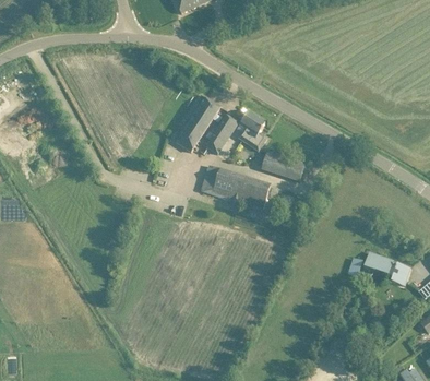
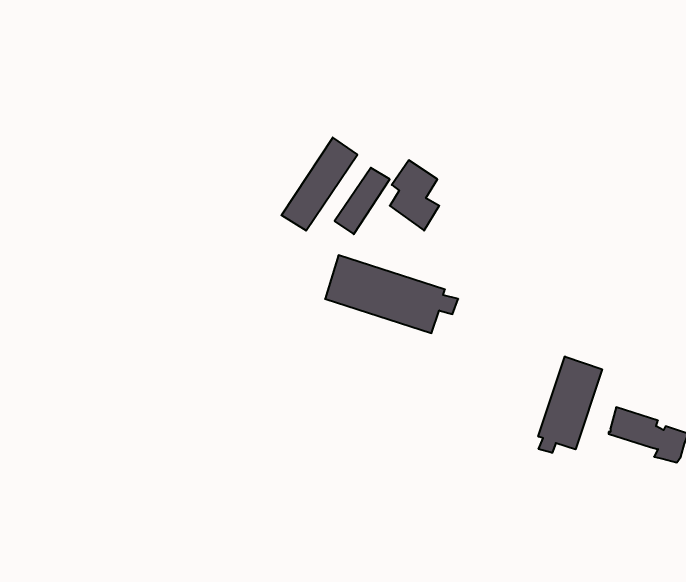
building: [261,151,304,180] -> none
building: none -> [538,356,602,453]

